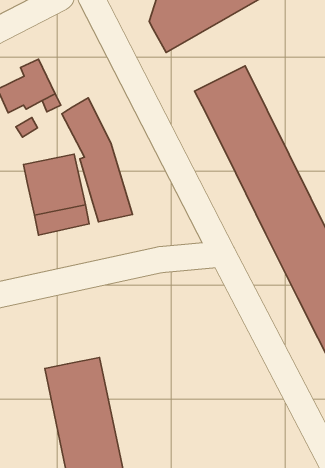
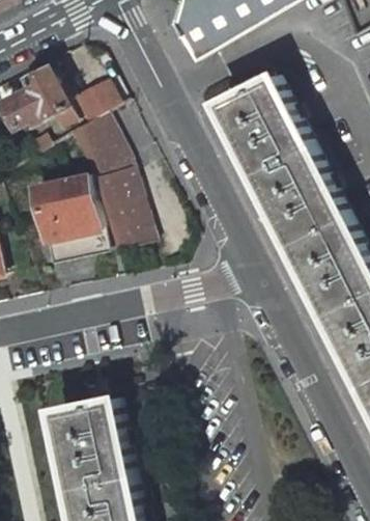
building: none -> [69,80,111,120]

